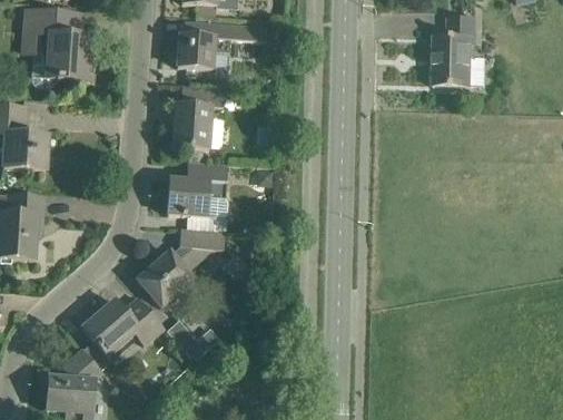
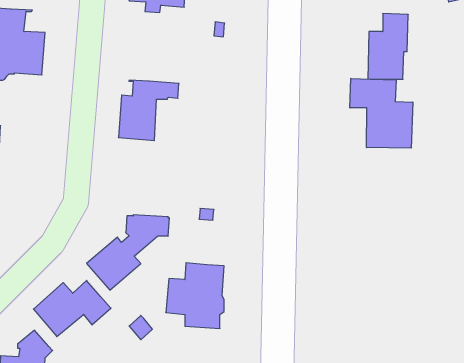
building: [176,21,266,68] -> none
building: none -> [350,78,413,148]
building: [166,160,227,229] -> [166,263,224,328]

